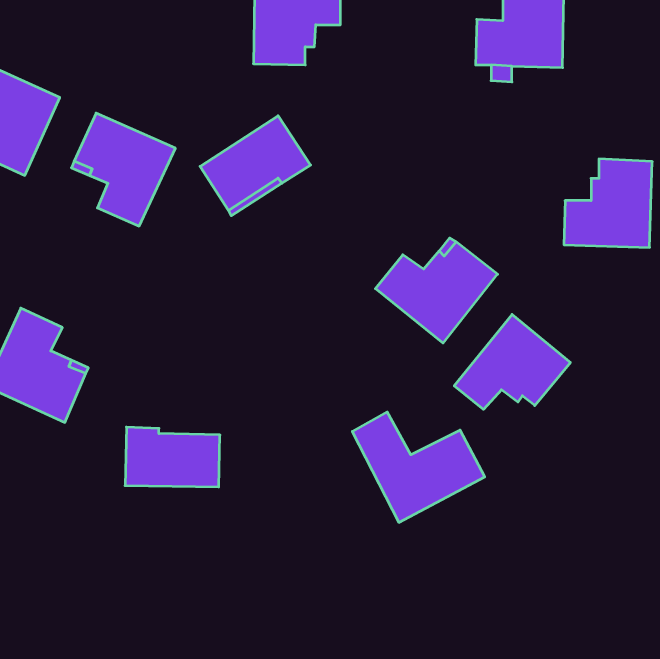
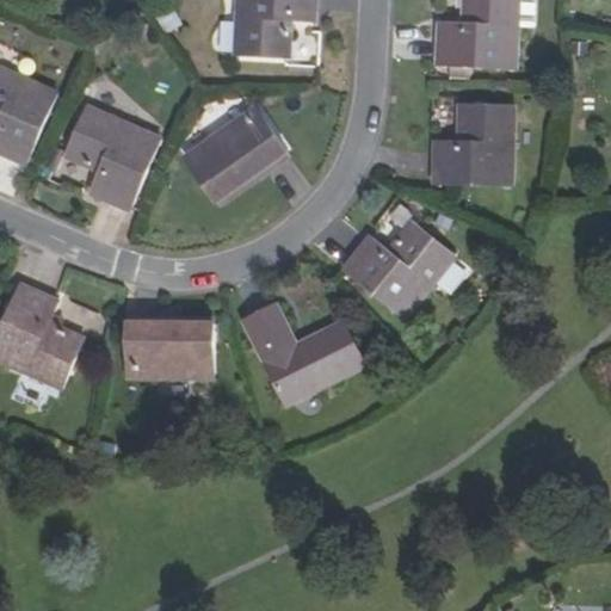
building: [564,159,652,247] -> [432,101,513,183]
building: [454,314,570,409] -> none
building: [352,412,485,522] -> [241,303,363,405]
building: [125,427,220,487] -> [123,322,210,377]

